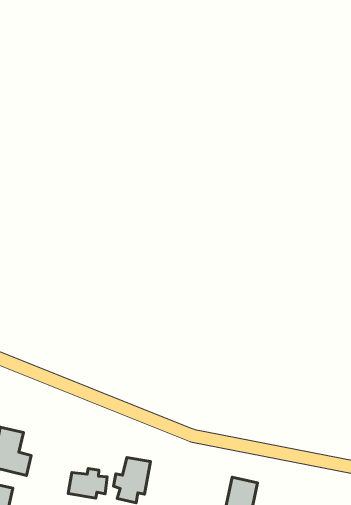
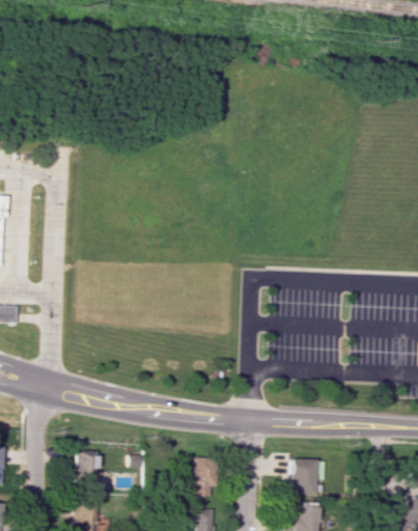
building: [68,468,107,498] -> none

